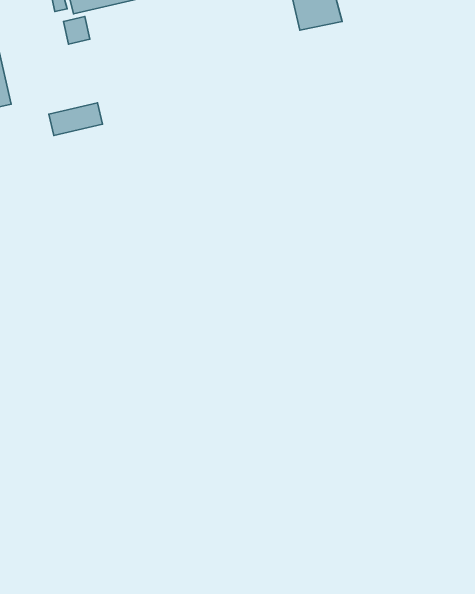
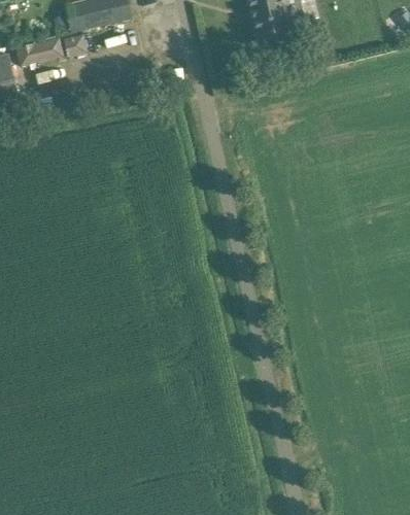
building: [49,103,103,135] -> [18,35,62,62]

